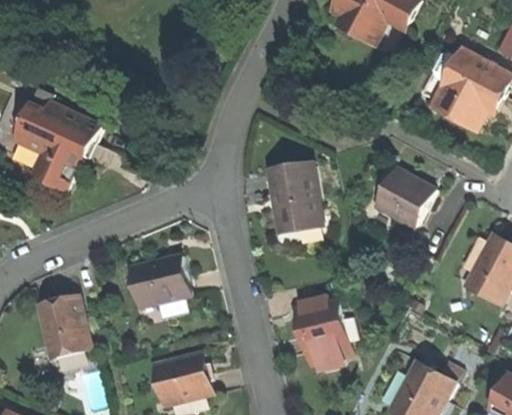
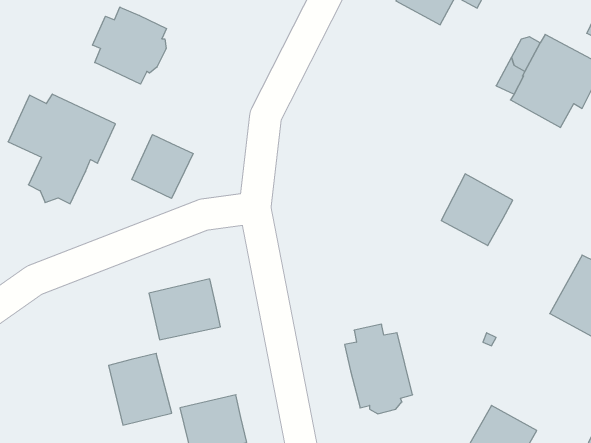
building: none -> [93,7,167,84]
building: none -> [132,135,193,198]
building: [270,163,322,230] -> none
building: [37,296,90,356] -> [109,353,172,425]

